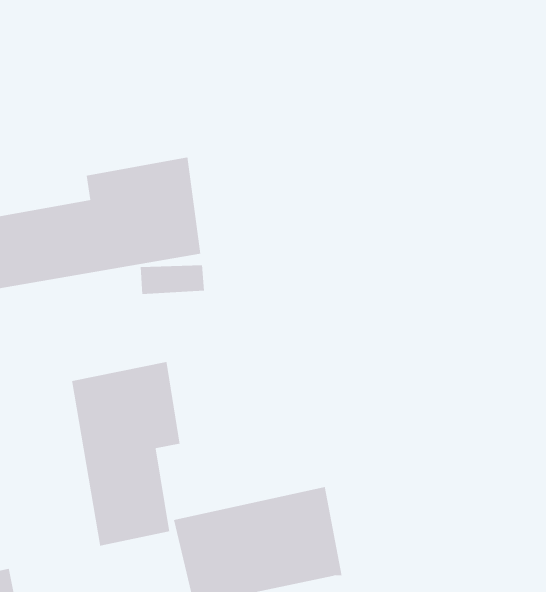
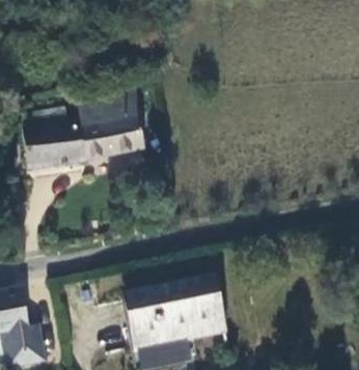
building: [71,361,180,546] -> none

